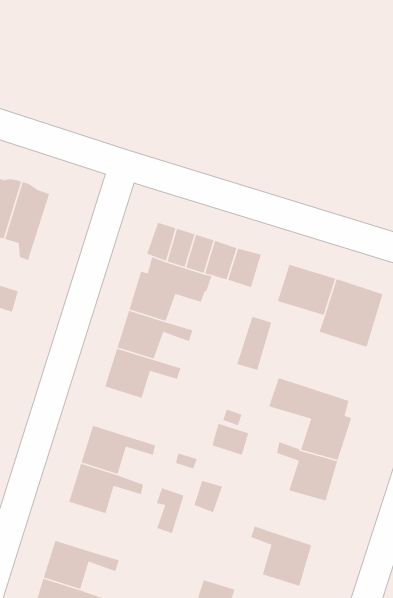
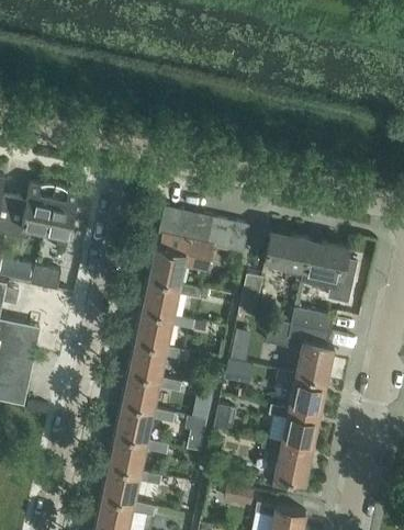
building: none -> [292,308,334,334]
building: none -> [130,341,189,379]
building: none -> [269,405,319,450]
building: none -> [109,435,169,472]

